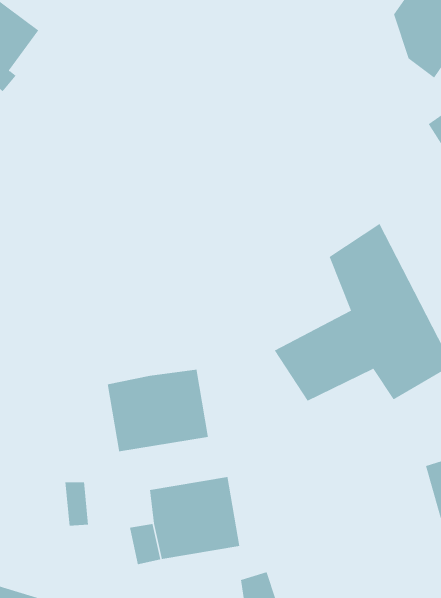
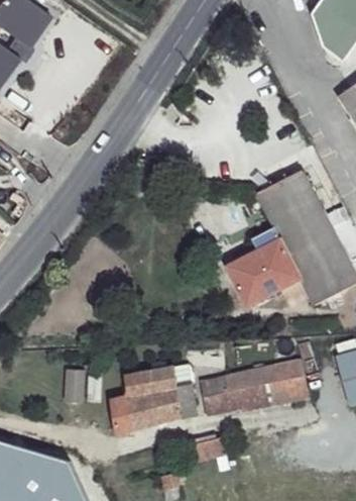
building: [107,369,208,452] -> none
building: none -> [207,362,305,414]

